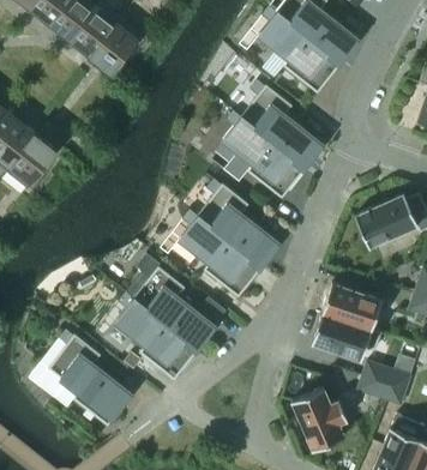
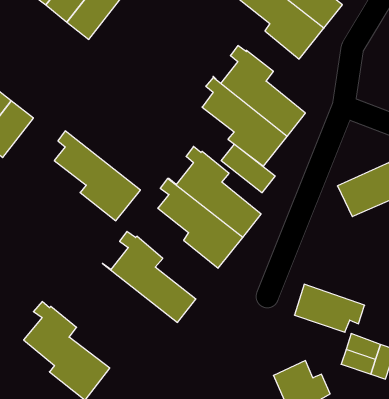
building: none -> [221,144,275,193]
building: [321,284,381,333] -> none
building: [114,293,198,380] -> [54,131,140,221]

